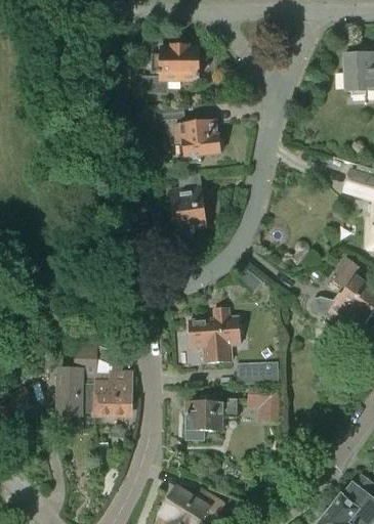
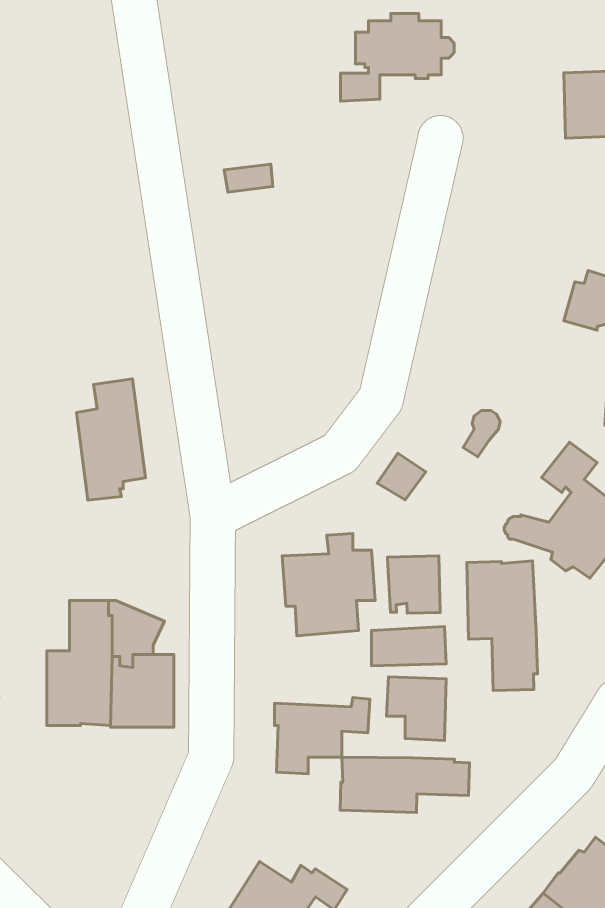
building: [143,44,206,92] -> [340,13,454,101]
building: [173,120,222,163] -> none
building: [168,172,206,238] -> [77,379,146,500]
building: none -> [388,556,440,613]
building: none -> [467,561,537,690]
building: none -> [340,757,470,813]

